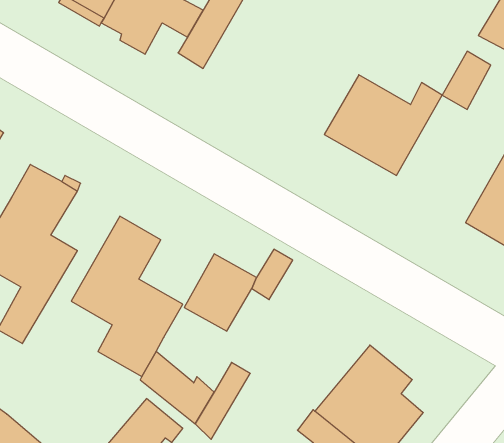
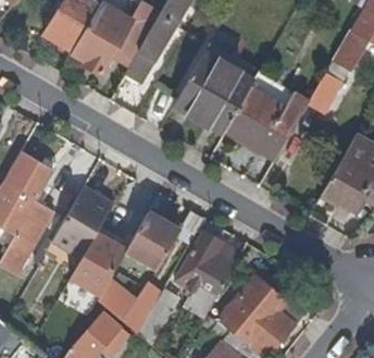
building: none -> [172,49,255,133]
building: none -> [175,231,240,317]

